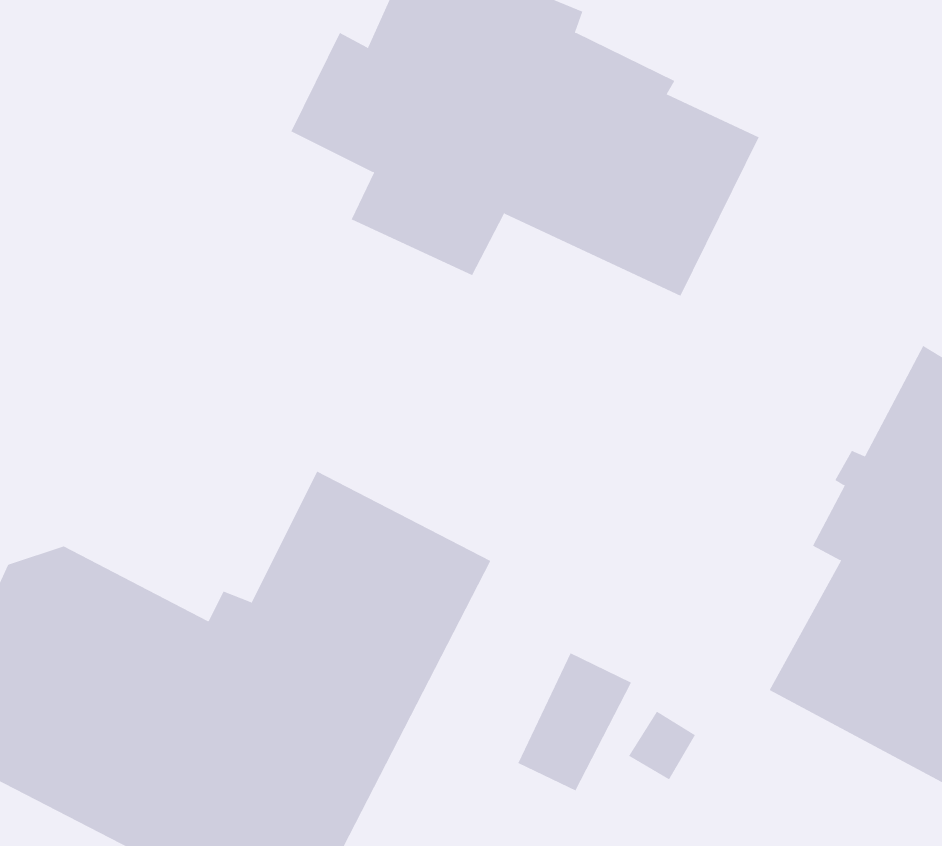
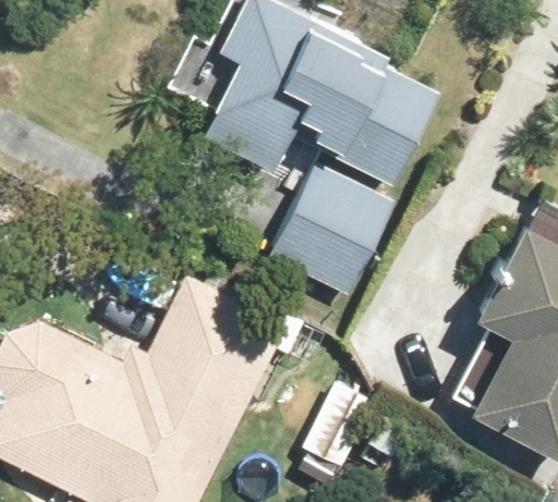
building: none -> [268,163,396,297]

